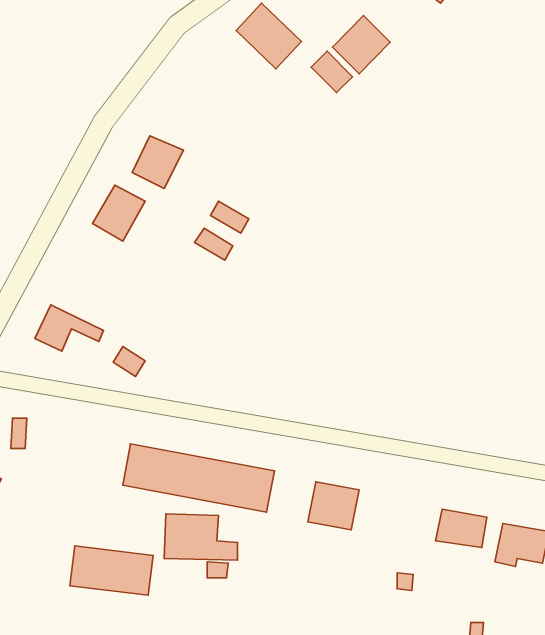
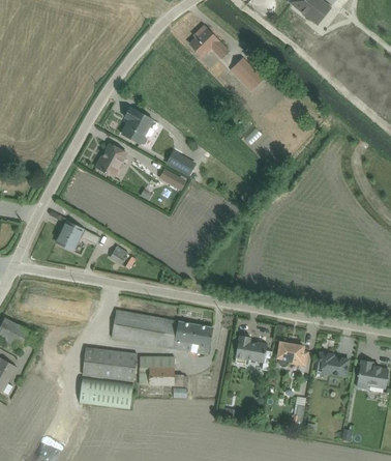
building: [333,16,390,74] -> none
building: none -> [275,341,305,365]
building: none -> [83,346,137,379]

